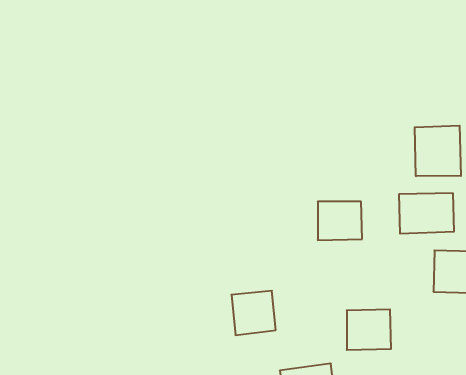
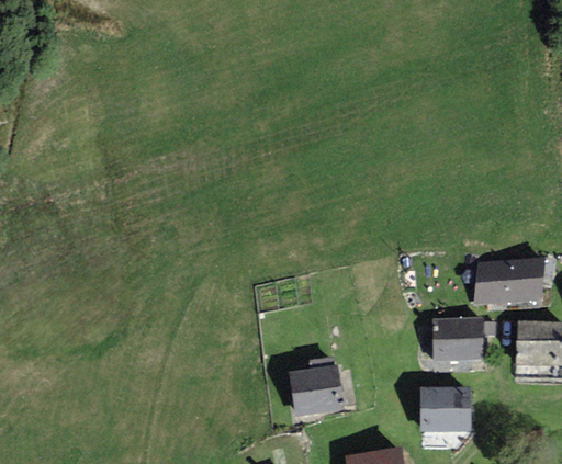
building: [415,126,461,176] -> none
building: [318,202,362,240] -> [434,319,483,362]

